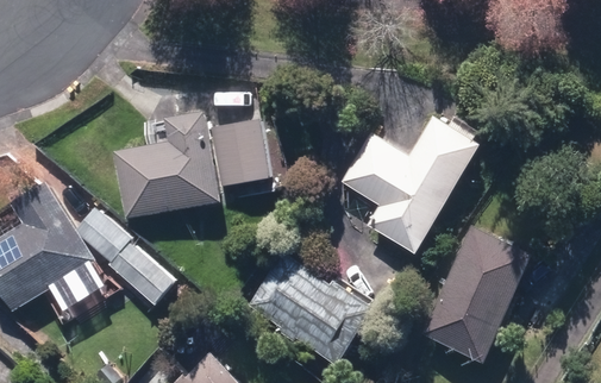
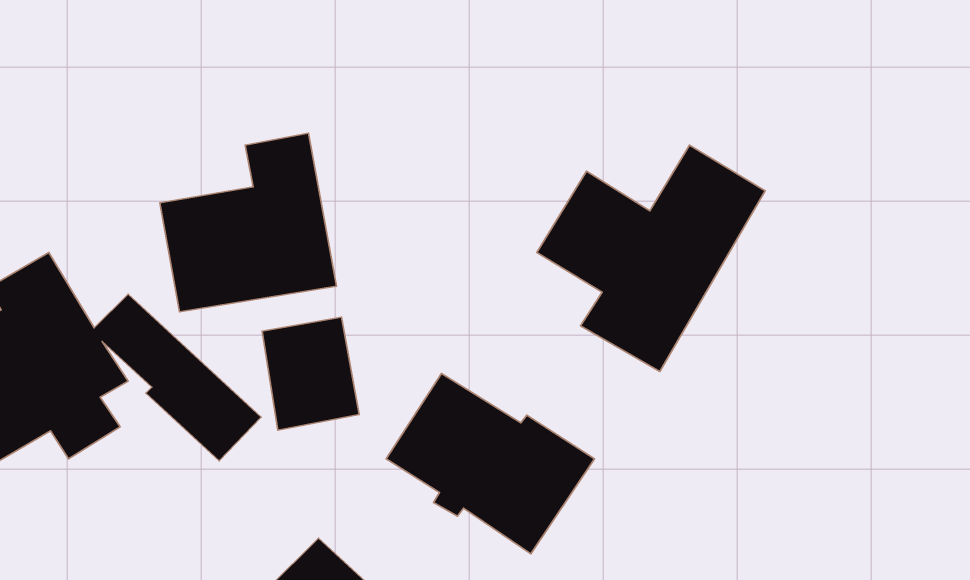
building: [211,118,269,186] -> [262,317,359,430]
building: [422,225,532,360] -> none

